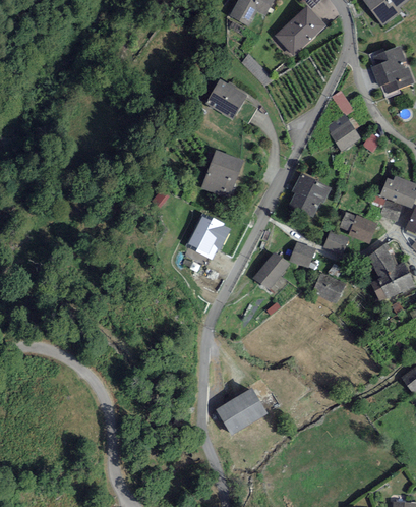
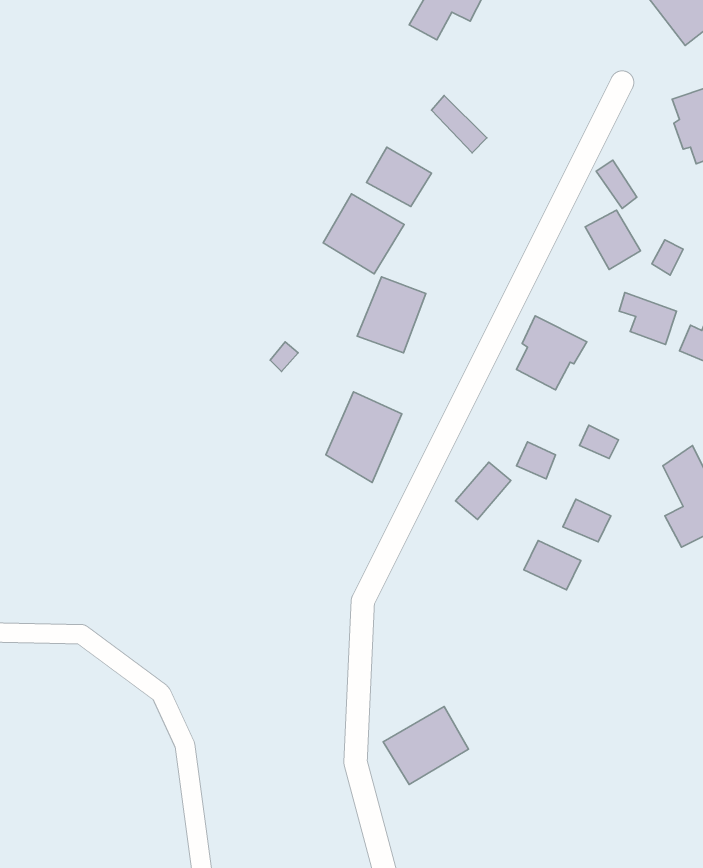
building: [278,8,323,52] -> none
building: none -> [323,194,404,274]
building: [344,213,375,241] -> [619,293,677,344]
building: none -> [524,540,581,590]

